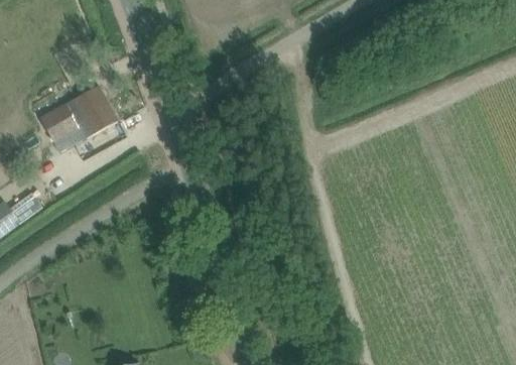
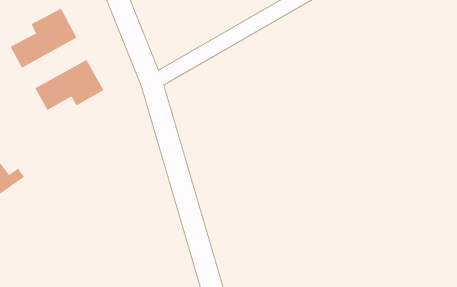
building: none -> [10,8,77,69]

